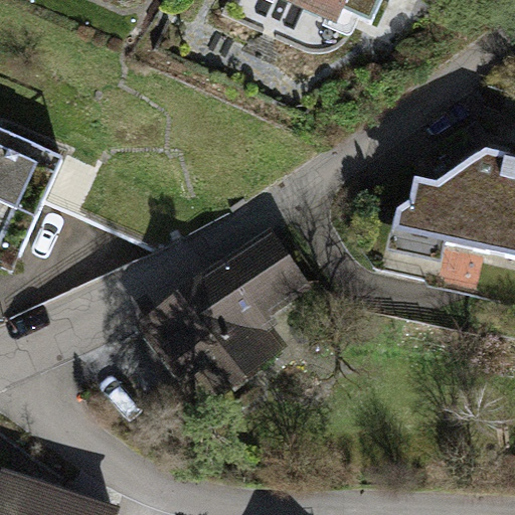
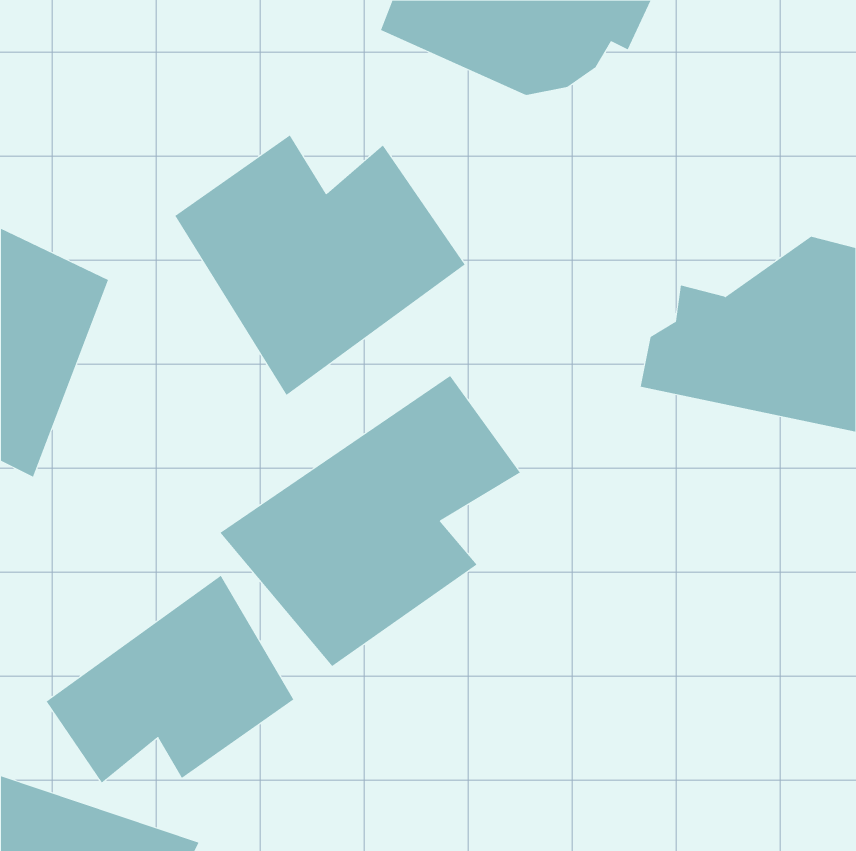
building: none -> [174,134,465,396]
building: none -> [46,575,294,784]

